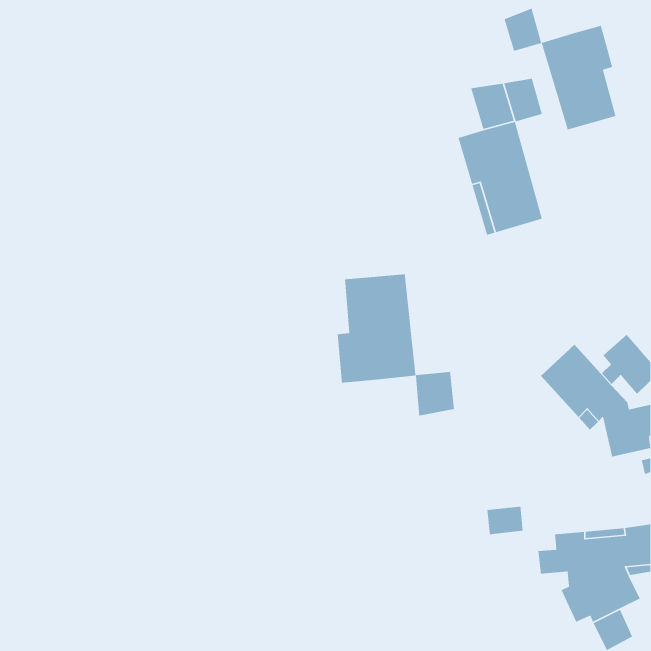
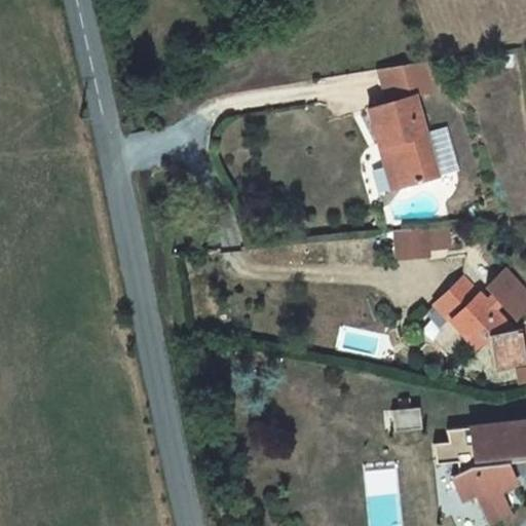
building: [503,7,616,130] -> none
building: [337,273,455,416] -> none
building: none -> [396,228,429,260]

